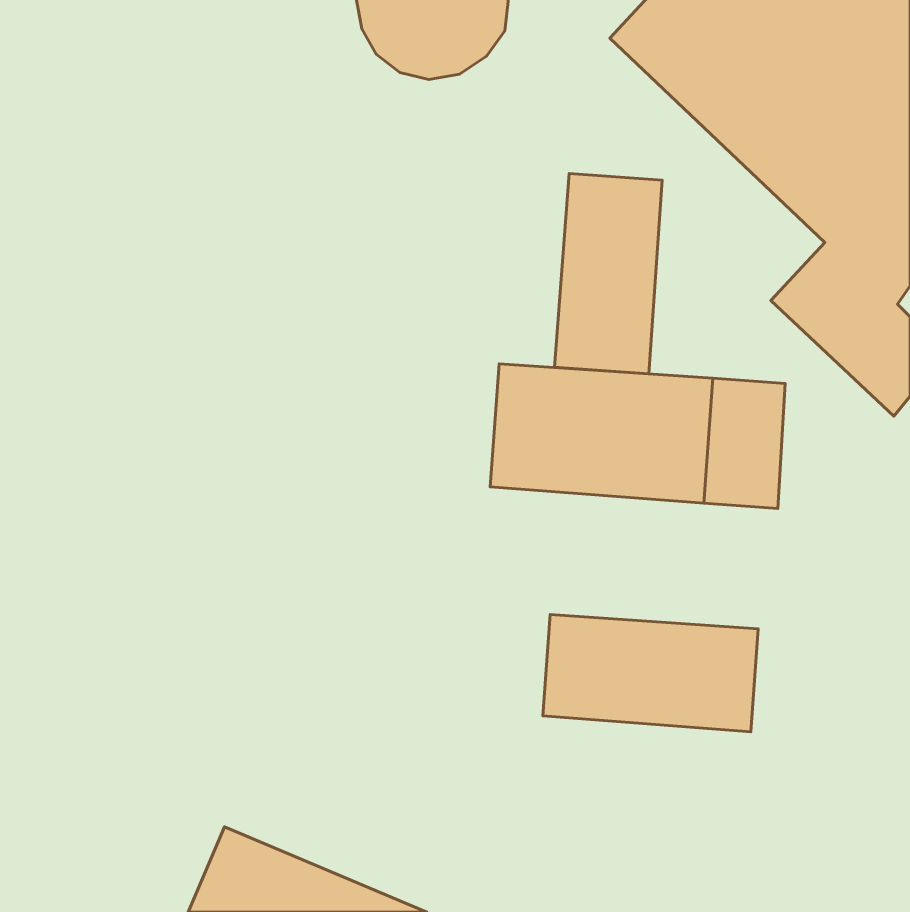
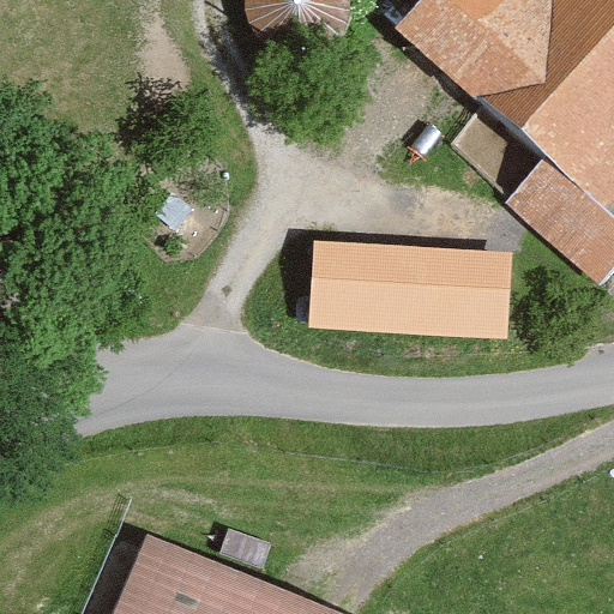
building: [554,174,662,374] -> none
building: [543,614,758,732] -> none

